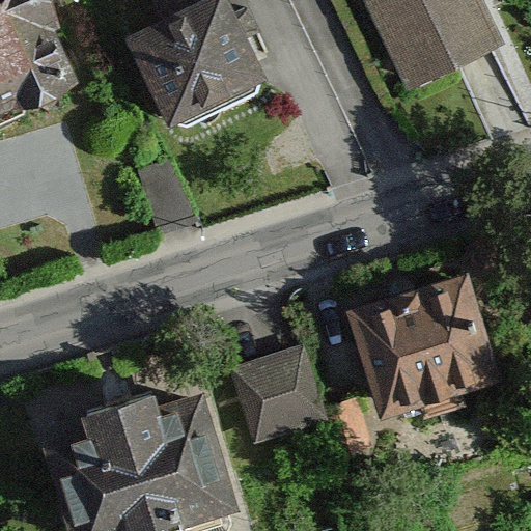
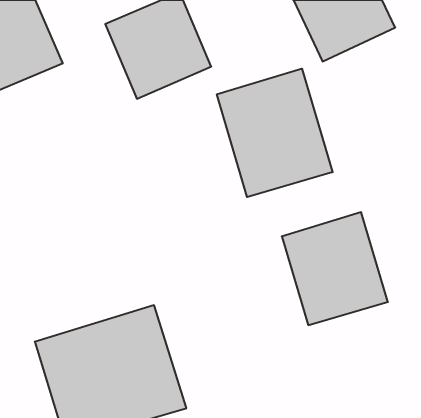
building: none -> [217,69,333,197]
building: [239,341,337,437] -> none

